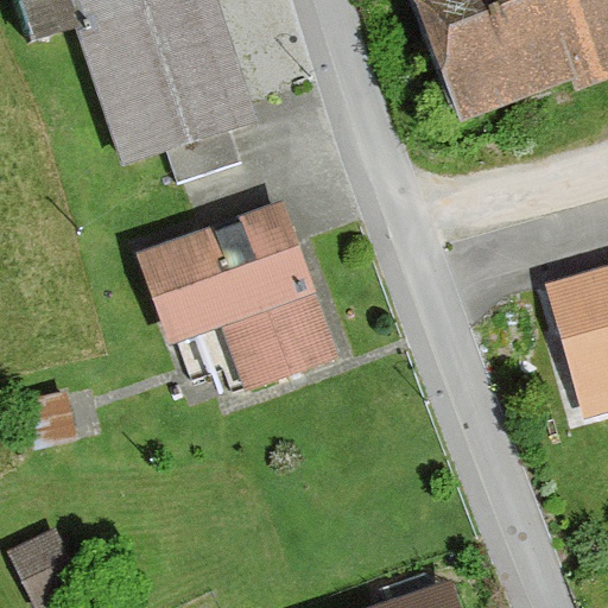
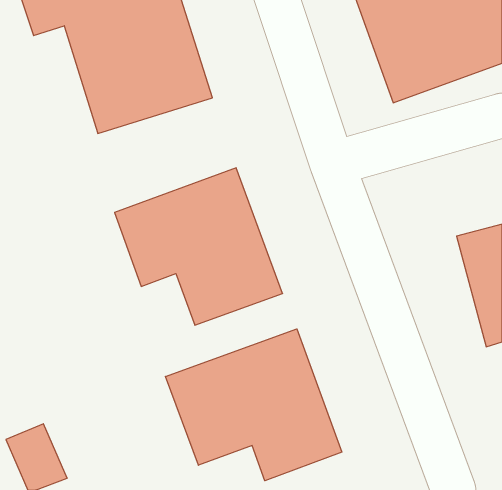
building: none -> [165,329,342,481]

